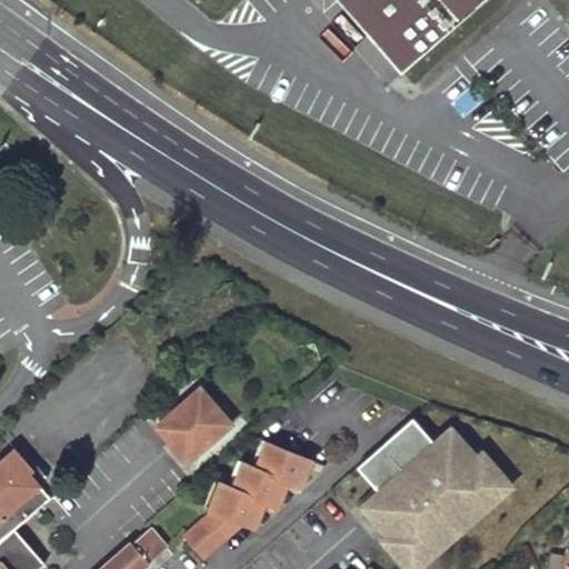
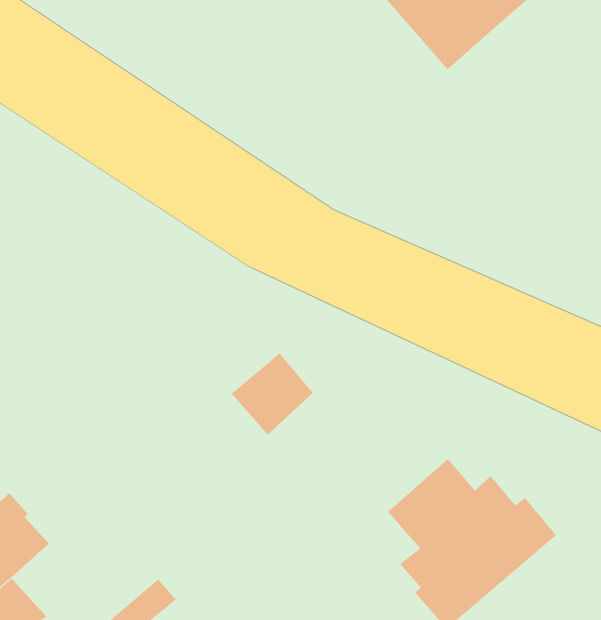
building: [153,388,229,463] -> [231,352,314,435]
building: [182,448,306,558] -> none

